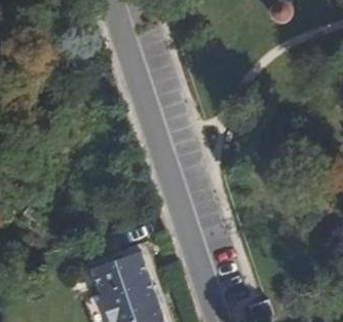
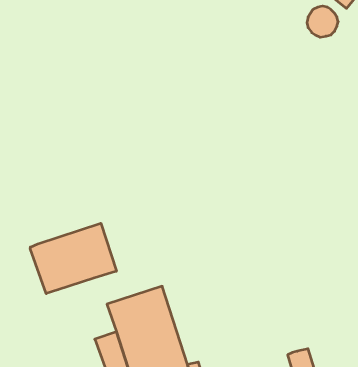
building: none -> [30,223,116,294]

